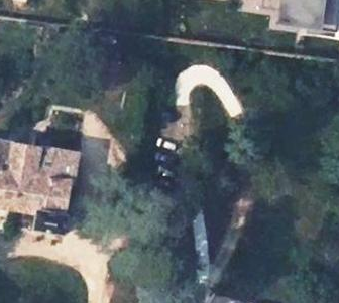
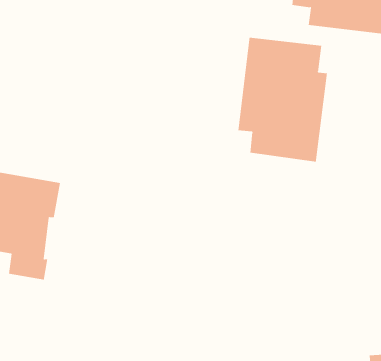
building: none -> [238,37,327,163]

